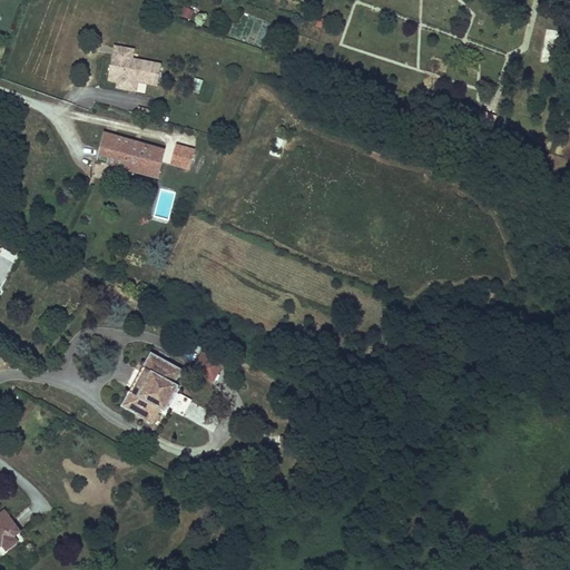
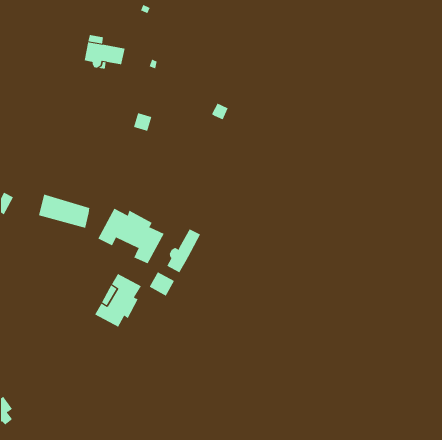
building: [97,131,164,176] -> [38,194,90,228]
building: none -> [97,208,164,264]
building: none -> [167,229,201,273]

